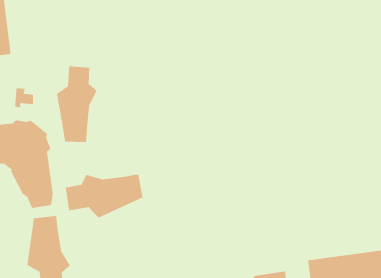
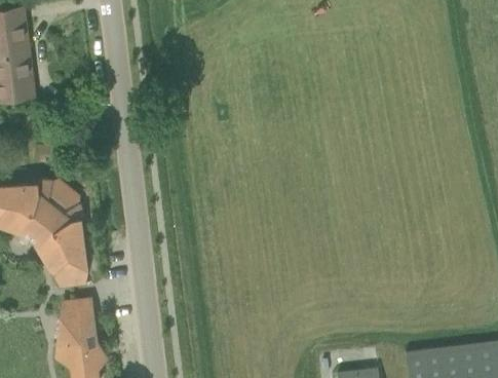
building: [56,65,98,143] -> none
building: [65,173,143,218] -> none

